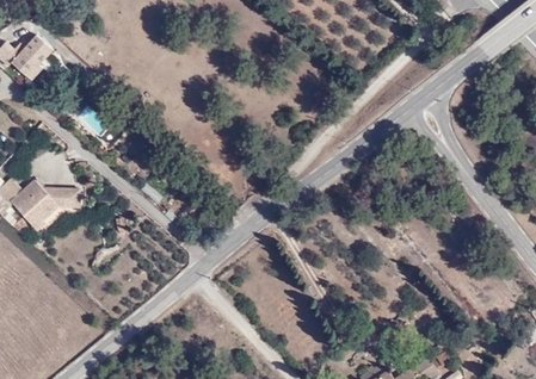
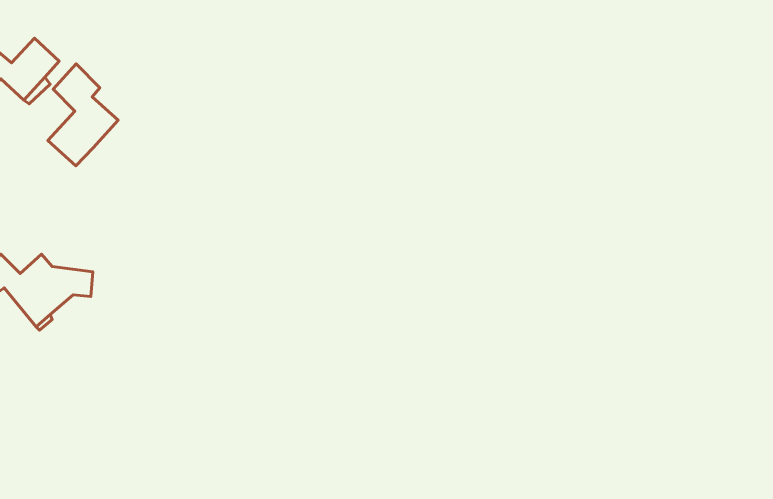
building: none -> [48,64,118,166]

